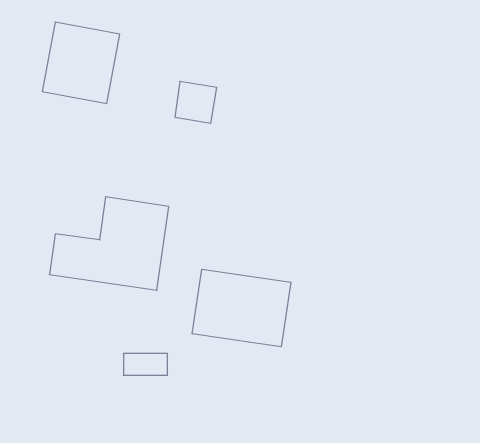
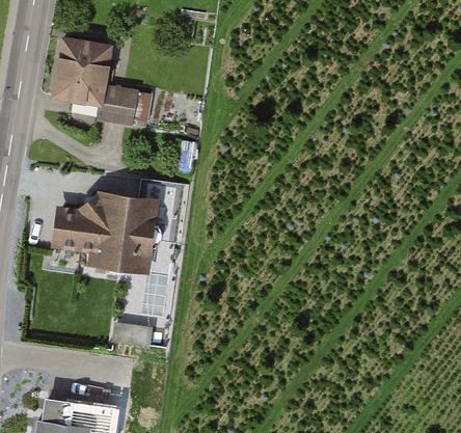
building: [175,81,217,123] -> [104,84,140,120]
building: [192,269,291,347] -> none

